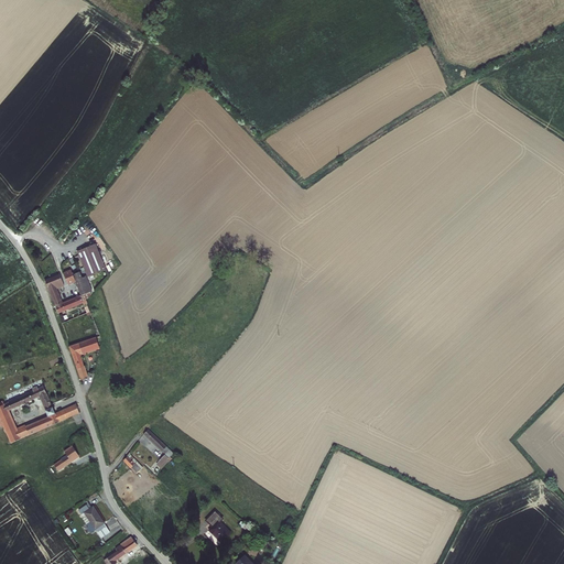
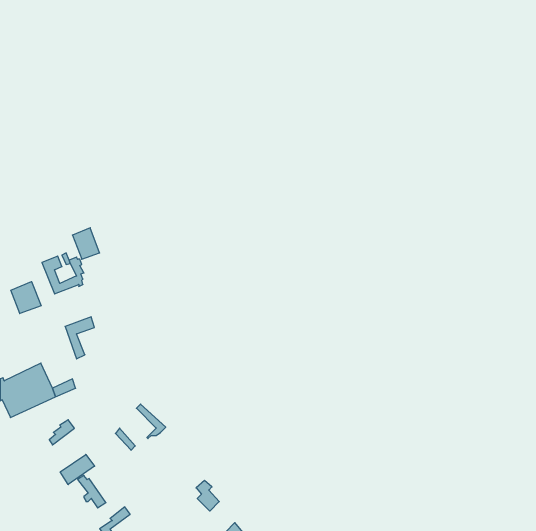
building: none -> [11,282,41,314]
building: none -> [60,454,95,485]

